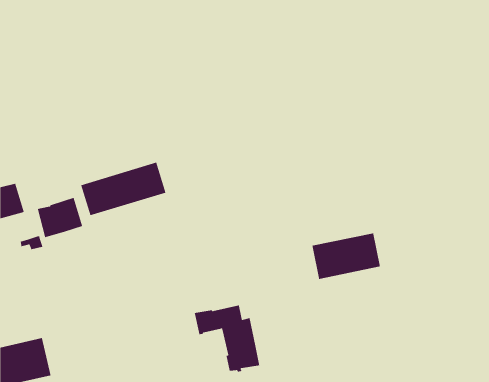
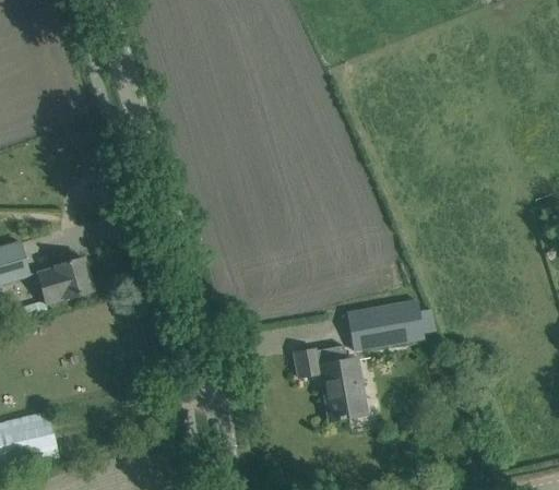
building: [80,162,167,216] -> none
building: [194,304,260,374] -> [293,344,366,420]

